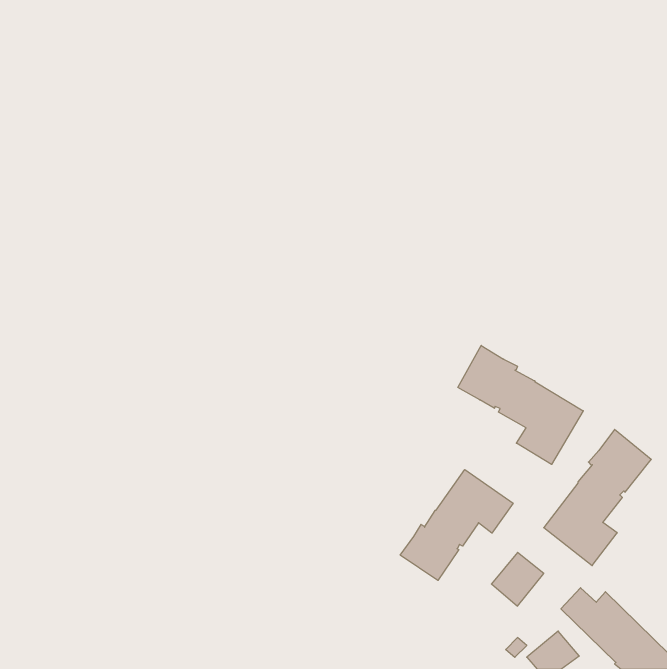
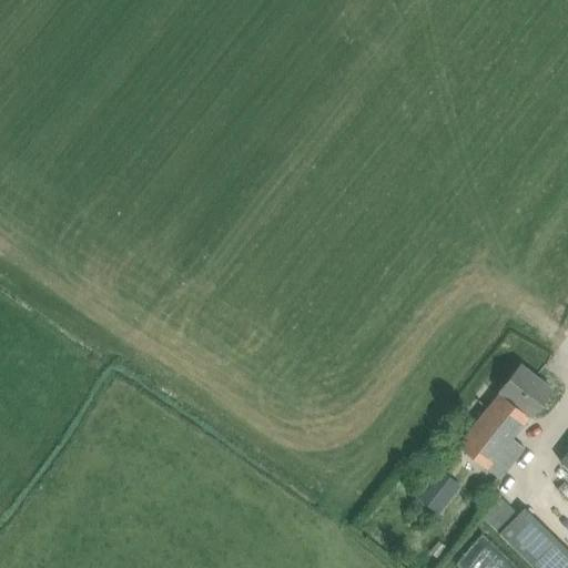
building: [458,345,583,464] -> none
building: [400,470,513,580] -> none

